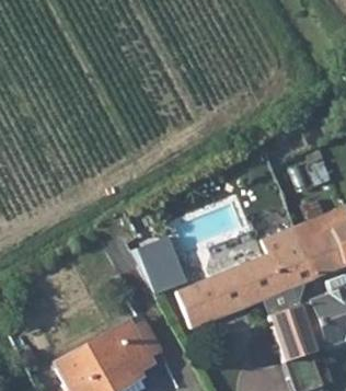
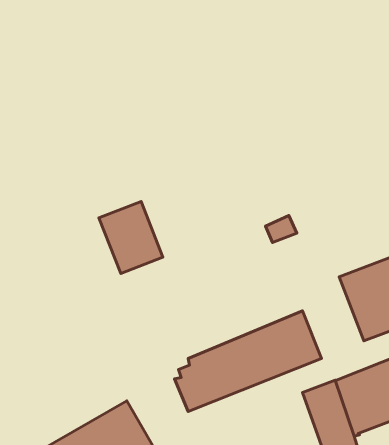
building: [263,226,319,291] -> none
building: [139,233,191,291] -> [99,201,163,274]

